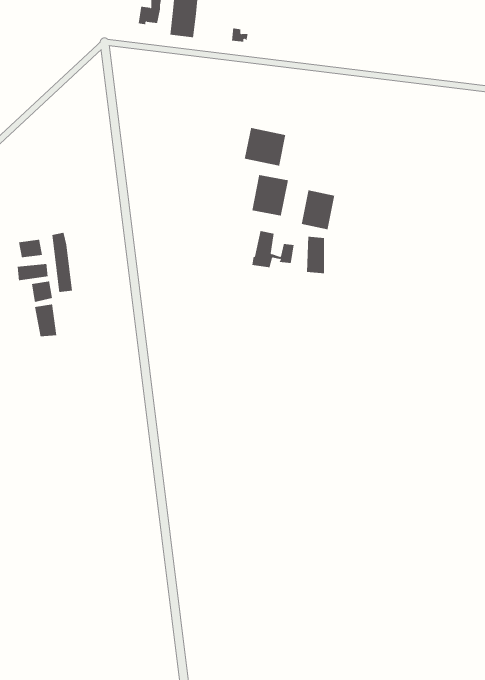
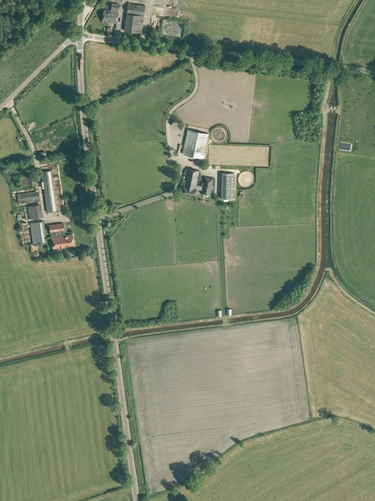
building: [244,127,286,166] -> none
building: [301,190,335,230] -> none
building: none -> [49,223,74,248]

